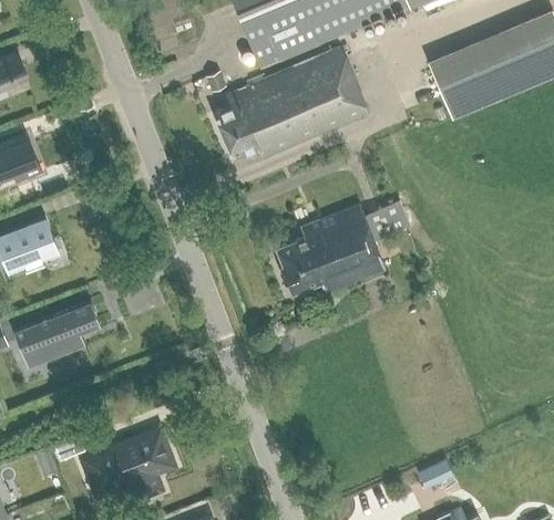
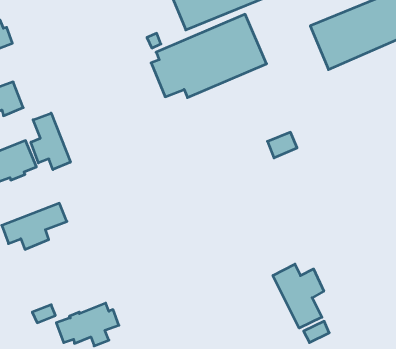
building: none -> [31,113,70,170]
building: [275,204,384,293] -> none
building: none -> [273,264,324,328]

